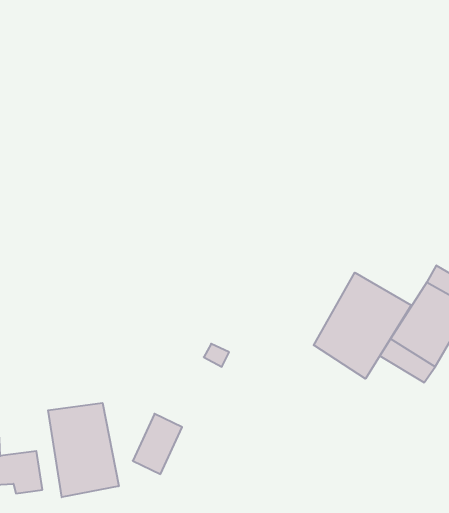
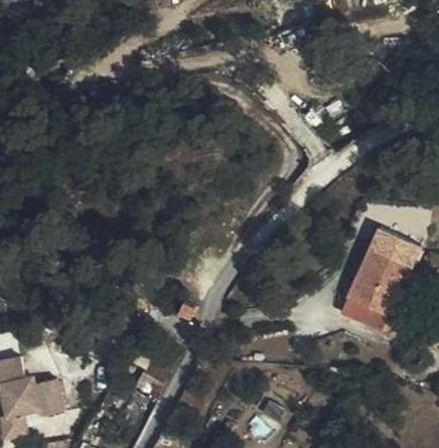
building: [314,273,411,379] -> none
building: [48,403,119,497] -> none

